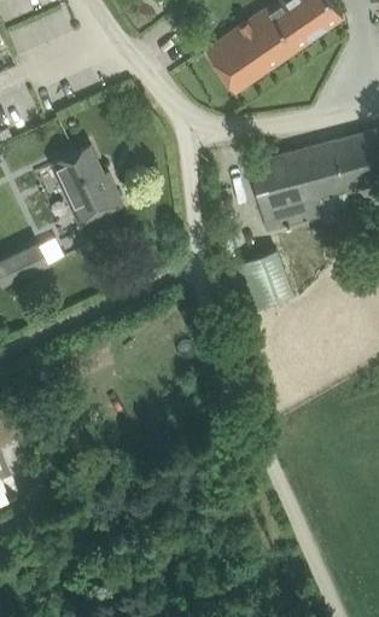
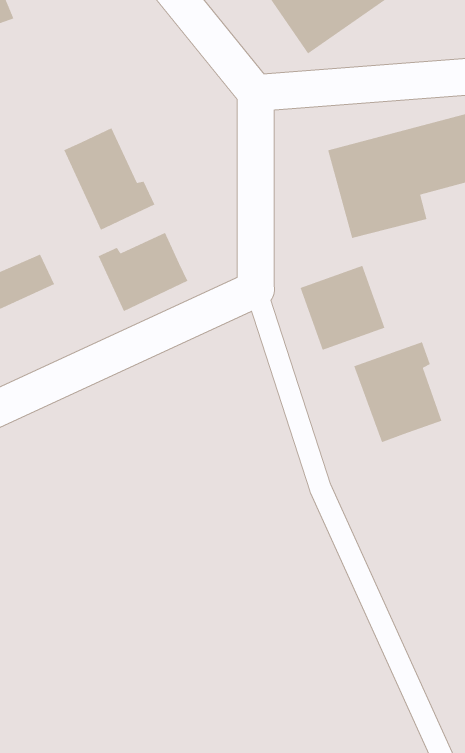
building: none -> [98,232,188,312]
building: none -> [353,341,443,443]

